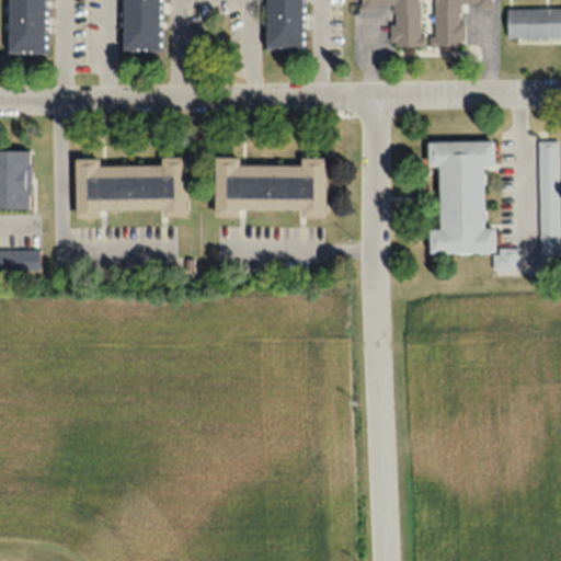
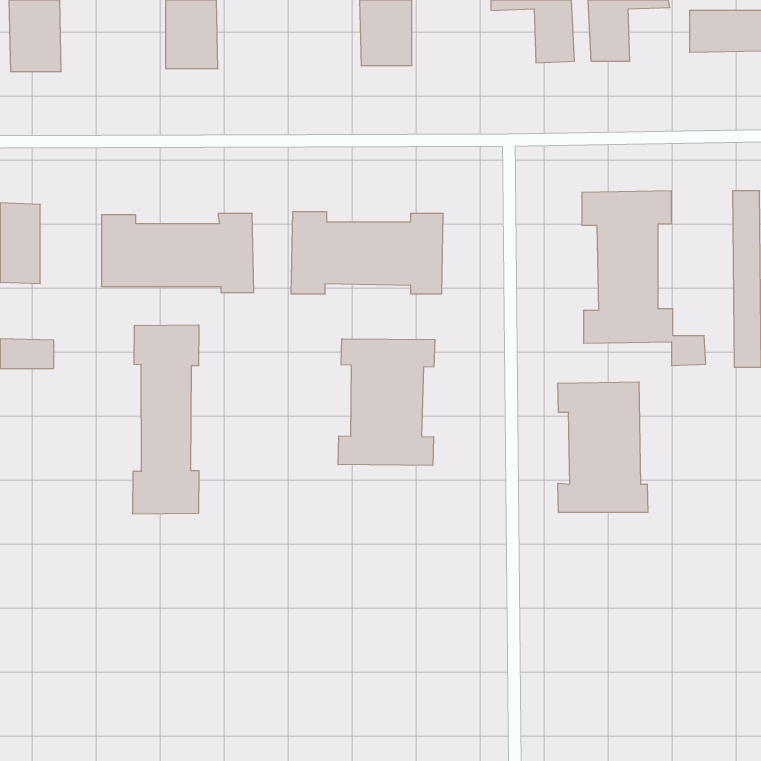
building: none -> [133,325,199,514]
building: none -> [338,339,435,465]
building: none -> [558,382,648,513]

